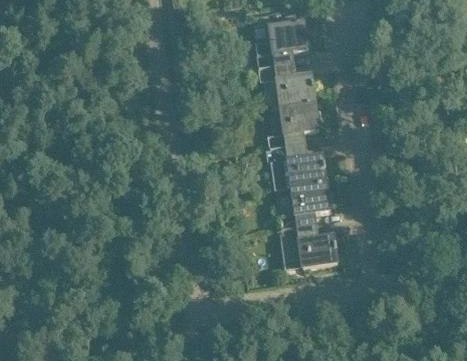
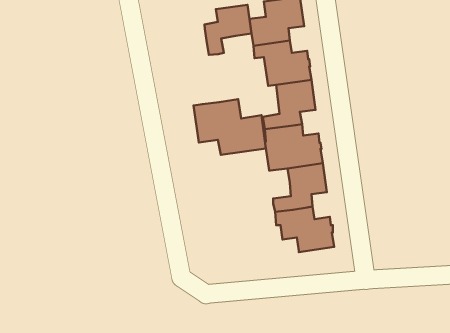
building: none -> [204,5,251,55]
building: none -> [194,99,266,155]

